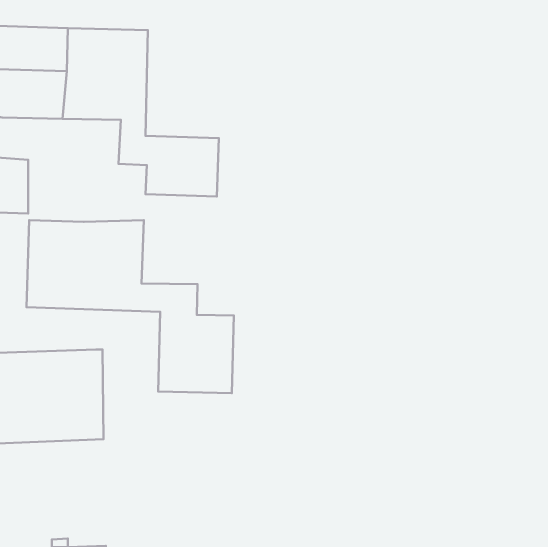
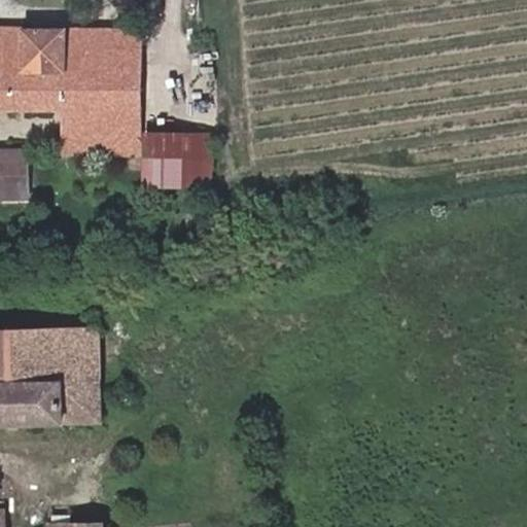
building: none -> [59,113,115,156]
building: [27,220,234,393] -> none

